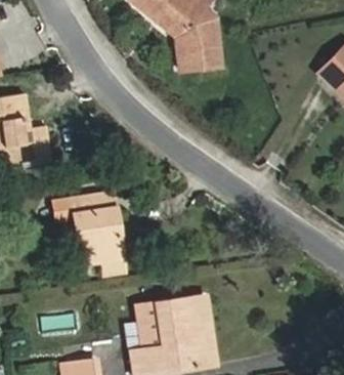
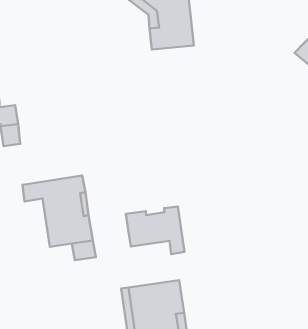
building: none -> [126,206,184,254]

